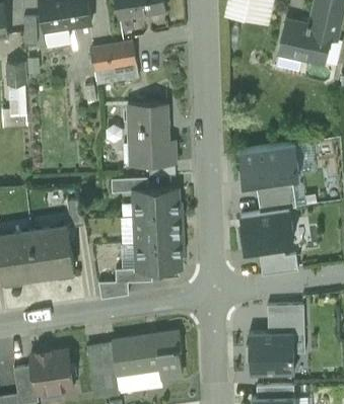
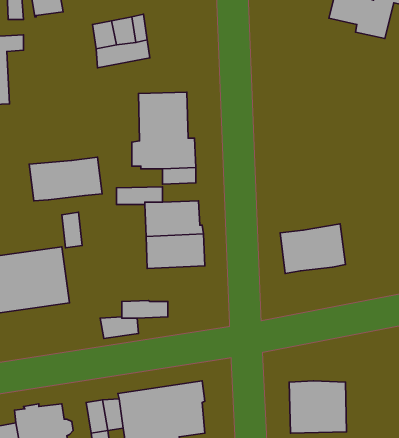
building: [239,145,301,184] -> none
building: none -> [29,157,102,201]
building: [257,183,296,213] -> none
building: [136,241,182,269] -> none
building: [258,242,298,274] -> none
building: [267,304,305,333] -> none

